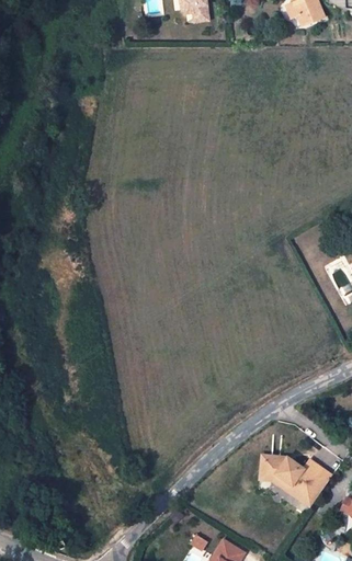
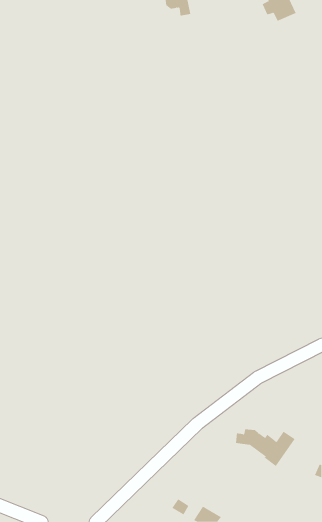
building: [258,470,331,510] -> none

